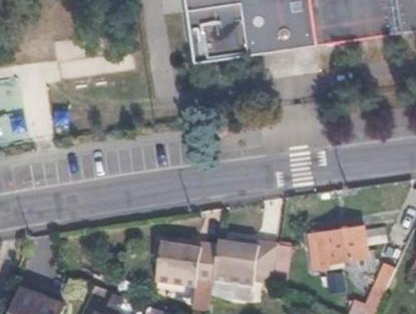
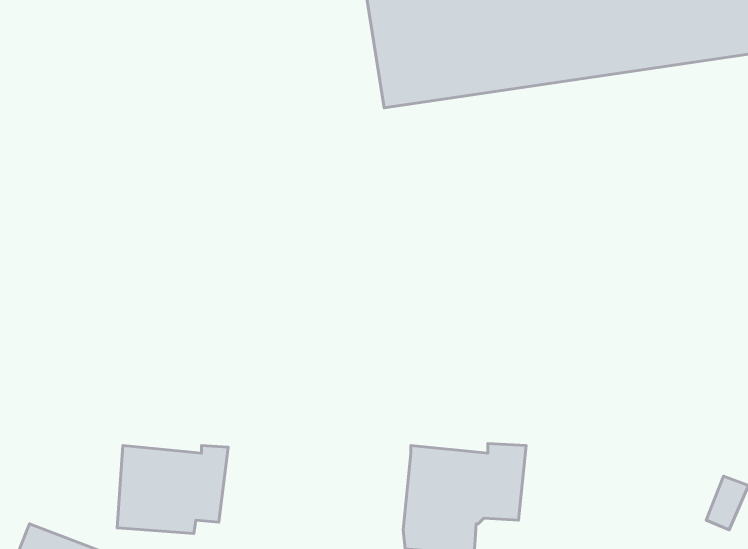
building: [321,223,370,259] -> none
building: [160,244,219,290] -> [117,445,228,534]

